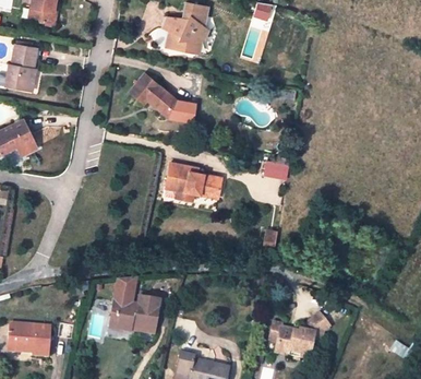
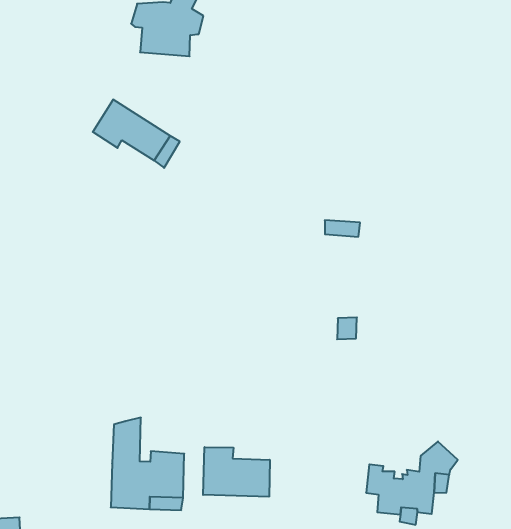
building: [165,163,220,200] -> none
building: none -> [203,447,270,497]

